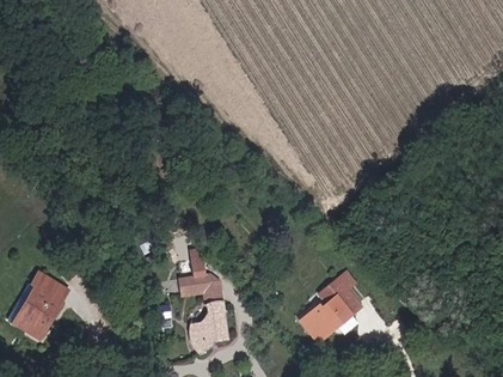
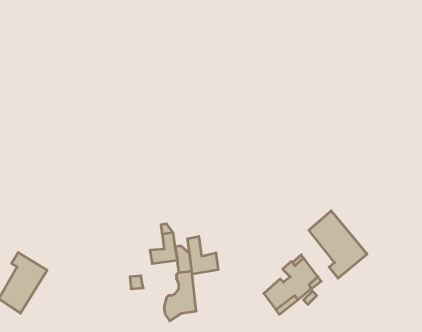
building: none -> [309,211,367,278]
building: none -> [188,236,218,274]

